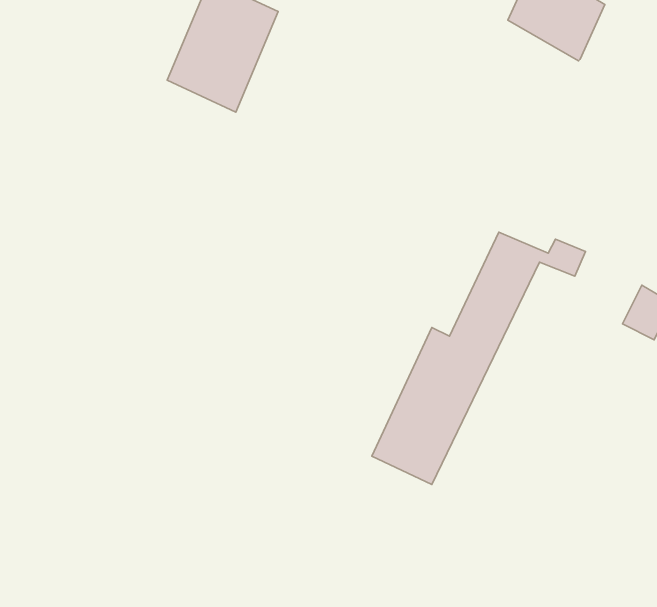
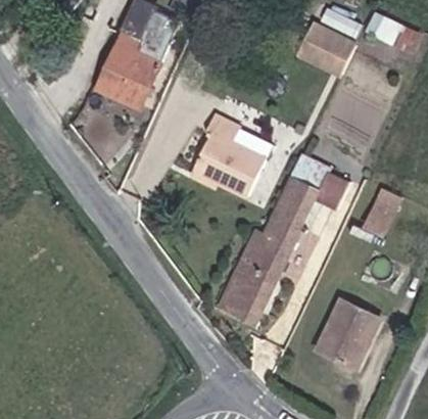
building: none -> [196,113,273,191]
building: none -> [318,299,378,365]

